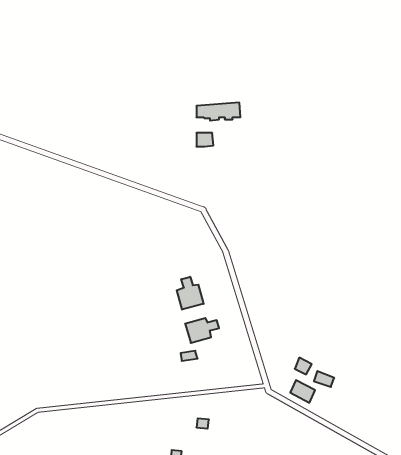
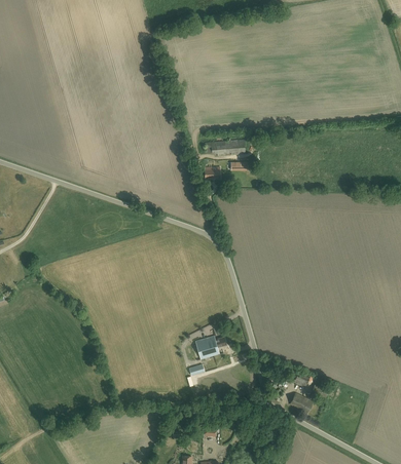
building: [177,277,204,310] -> none

